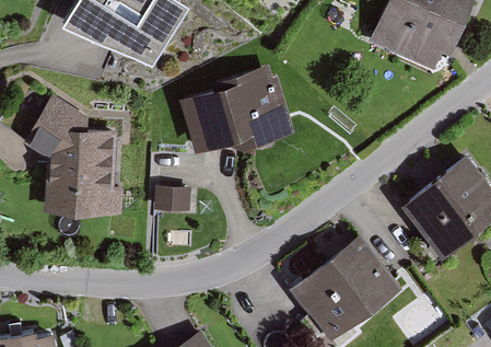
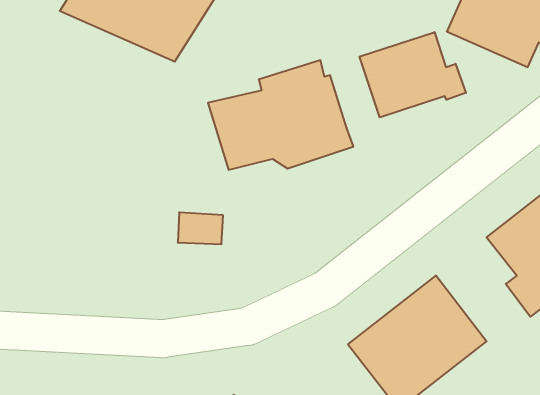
building: none -> [360,32,466,117]
building: [24,95,122,215] -> none

